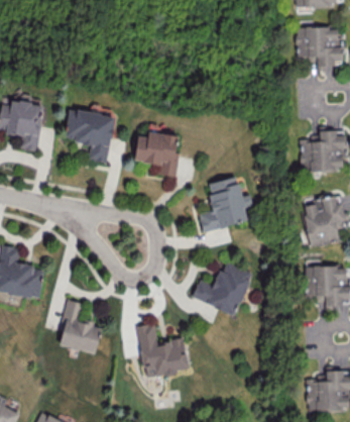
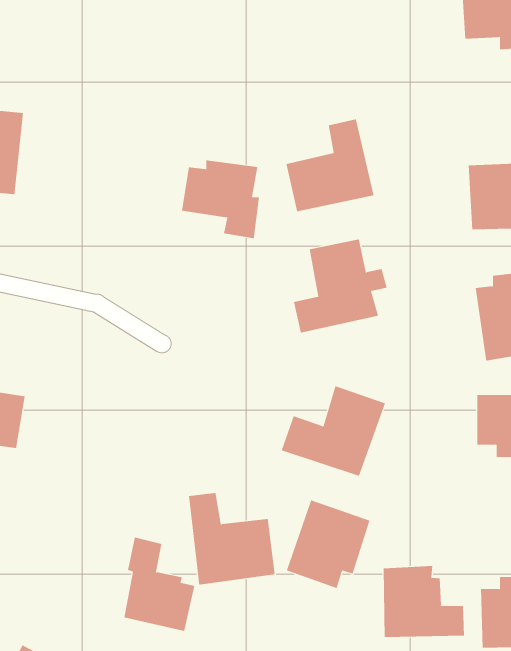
building: none -> [286,118,374,212]
building: [65,108,115,163] -> none
building: [61,299,102,353] -> [124,537,195,631]
building: none -> [286,500,370,589]
building: none -> [383,565,464,638]

